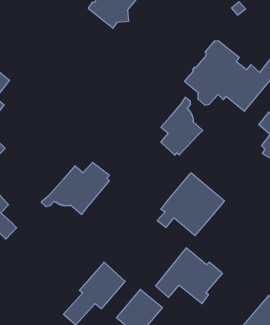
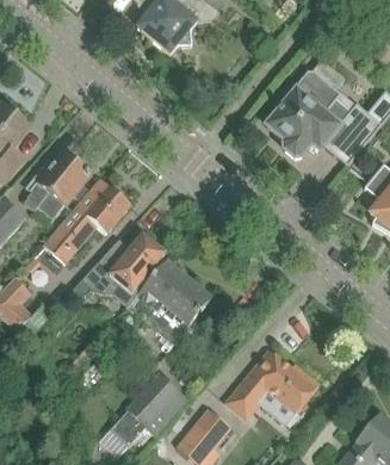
building: [161,97,203,155] -> none
building: none -> [24,151,89,211]
building: none -> [44,179,131,262]
building: [157,173,224,236] -> [122,259,212,343]

